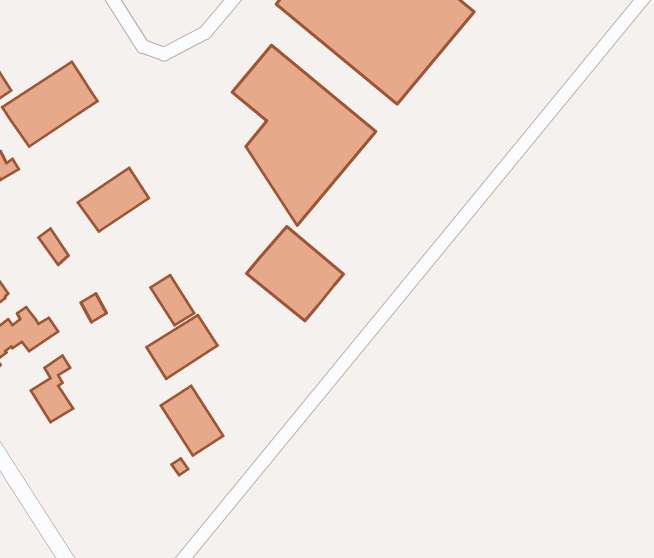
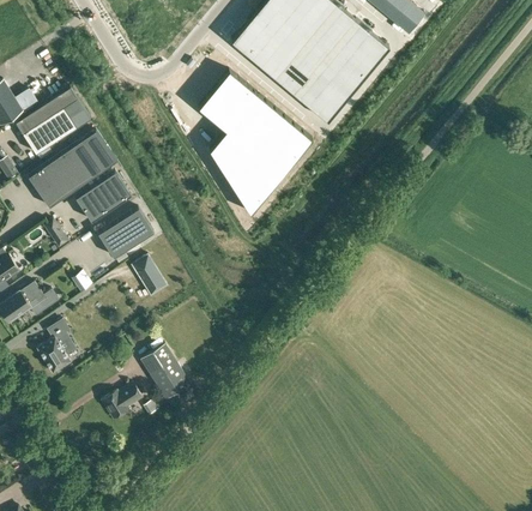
building: none -> [28,130,116,208]
building: [246,227,343,321] -> none
building: [146,315,218,379] -> [97,208,153,258]
building: none -> [102,383,141,417]

